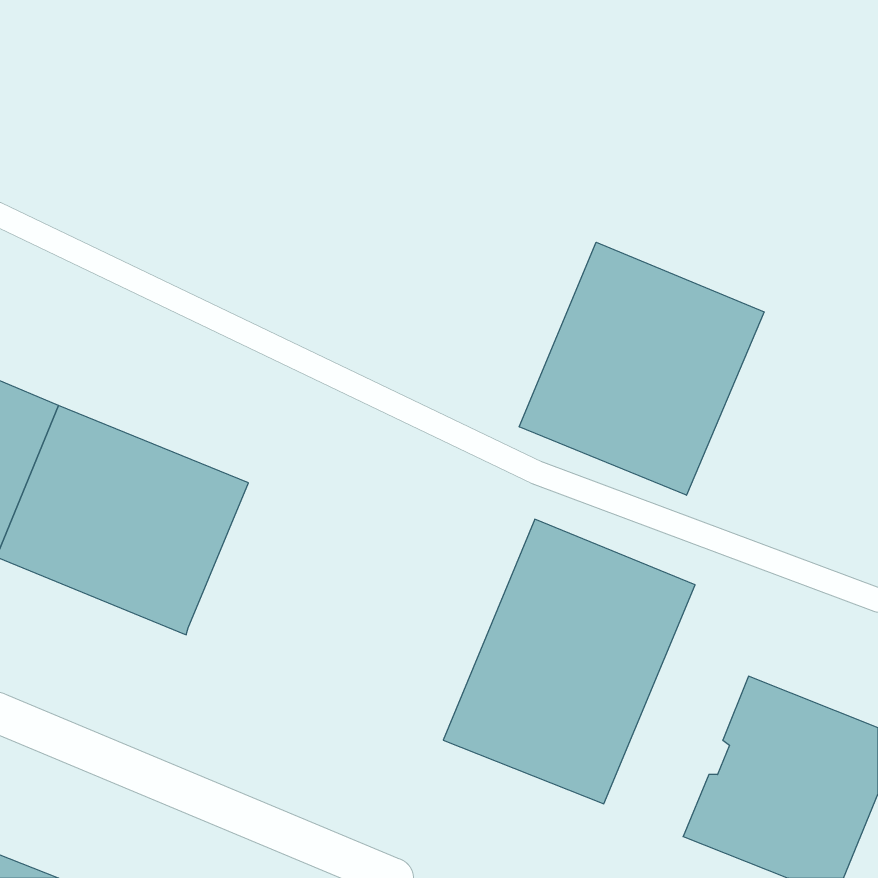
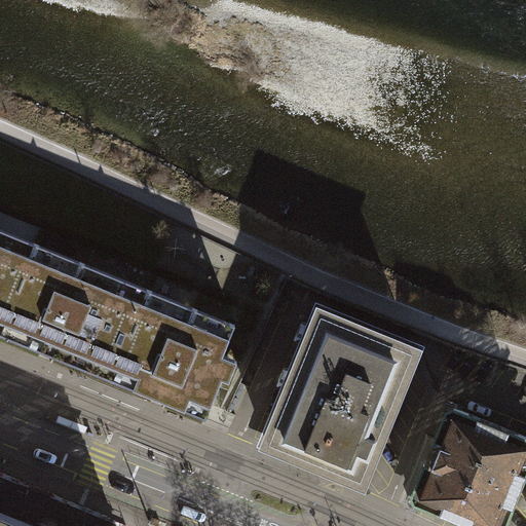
building: [519,242,764,495] -> none
building: none -> [111,288,235,416]

